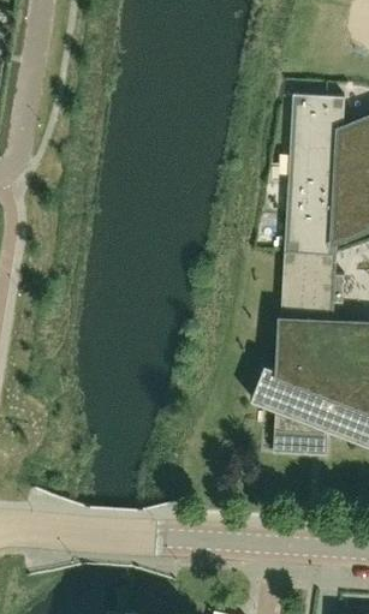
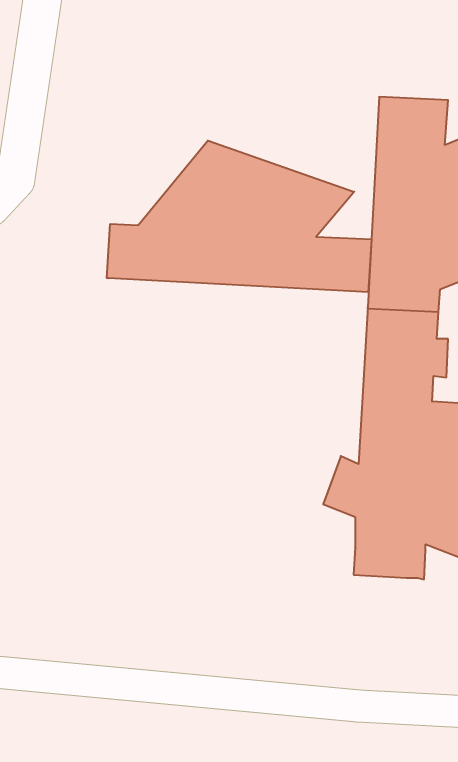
building: none -> [107,141,372,292]

